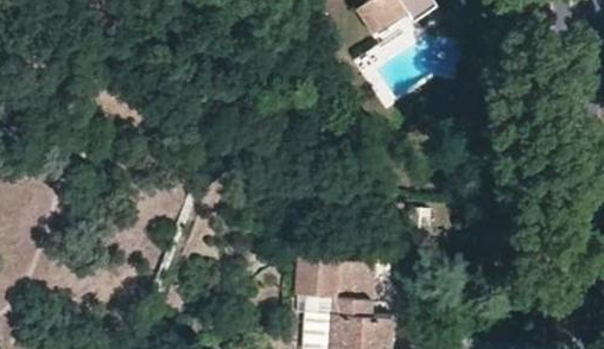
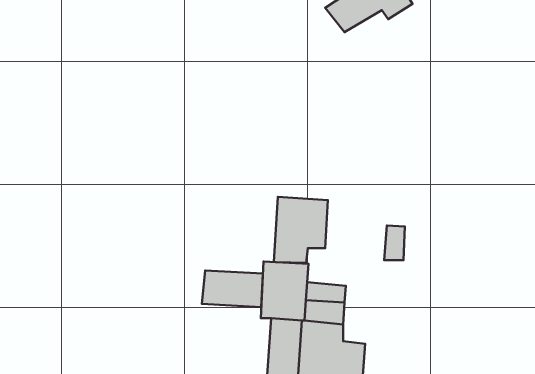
building: none -> [274,197,328,263]
building: none -> [202,270,263,307]

